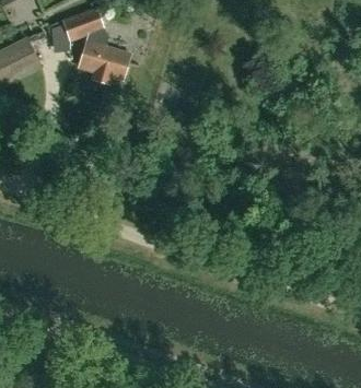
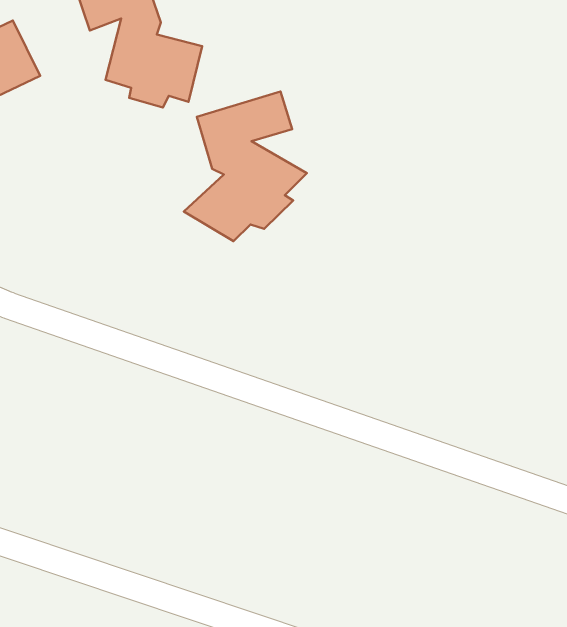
building: none -> [184,92,307,241]

